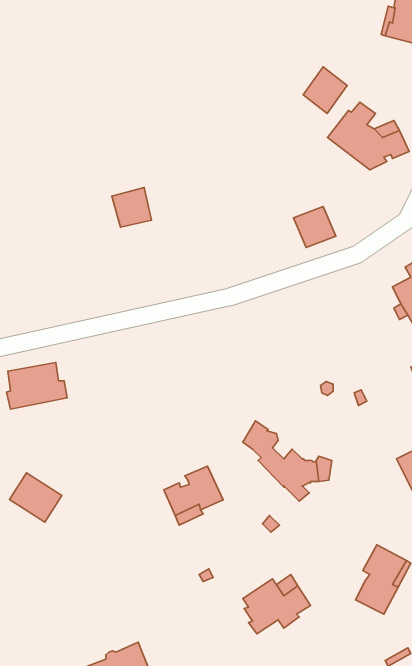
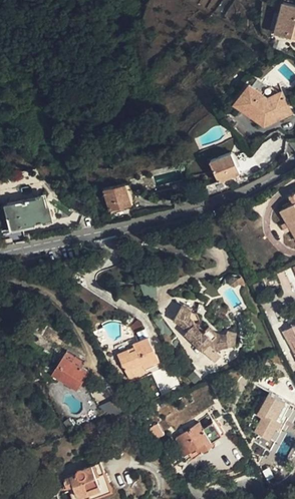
building: [303,67,347,113] -> none
building: [112,188,151,227] -> [103,183,131,211]
building: [6,363,67,409] -> [5,196,48,229]
building: [9,473,62,522] -> [51,357,88,392]

